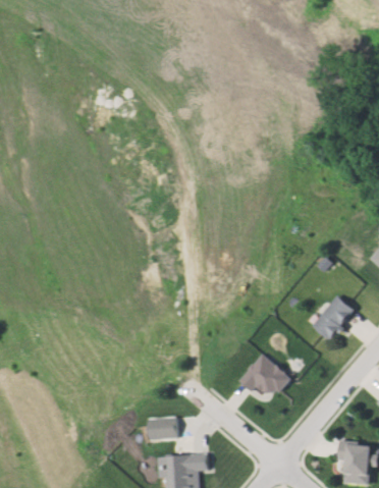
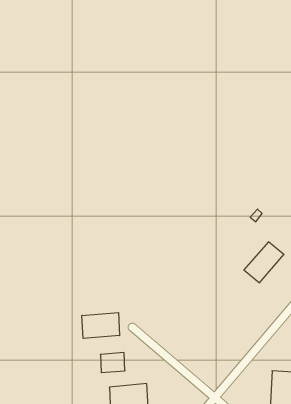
building: [239,353,292,403] -> none
building: none -> [82,313,120,338]

